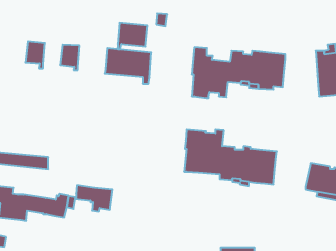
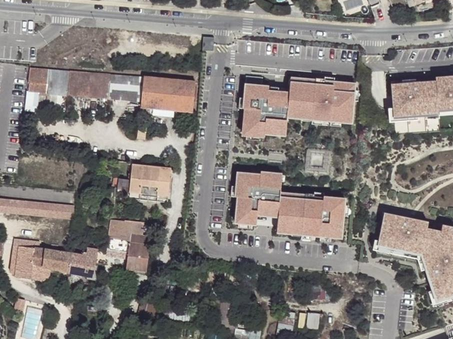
building: [118,23,147,49] -> [109,73,144,104]
building: none -> [28,67,50,93]
building: none -> [68,70,91,101]
building: none -> [117,163,171,202]
building: none -> [110,219,151,243]

